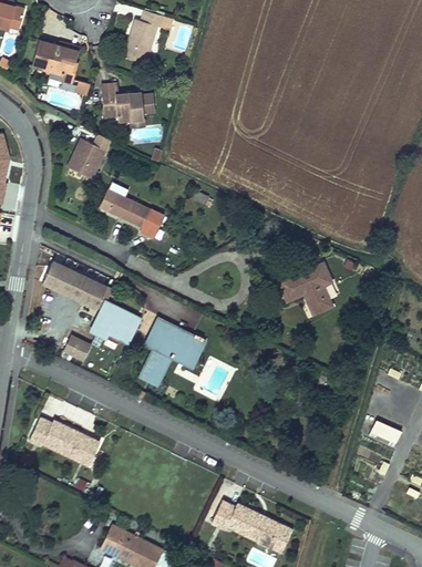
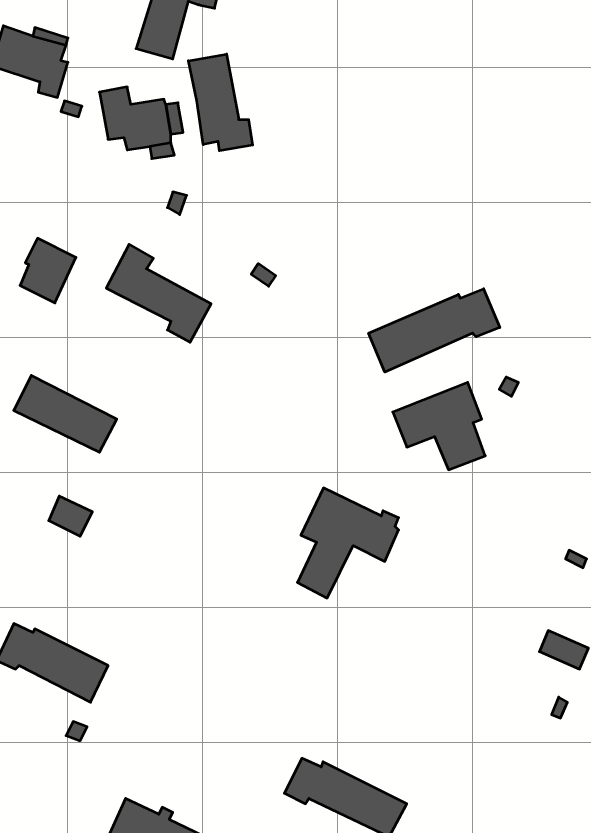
building: none -> [188,54,253,151]
building: [71,137,106,178] -> [20,238,76,303]
building: none -> [369,289,500,372]
building: [96,302,138,342] -> none
building: [142,317,206,386] -> [297,488,399,598]

